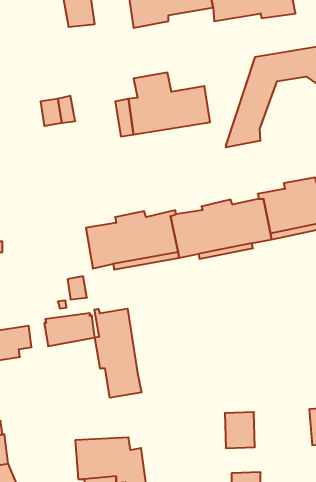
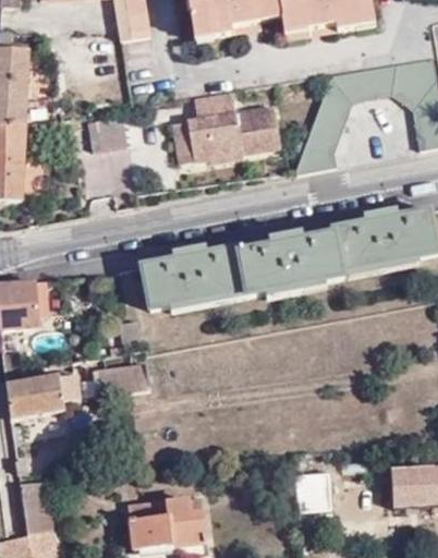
building: [94,309,142,398] -> none

